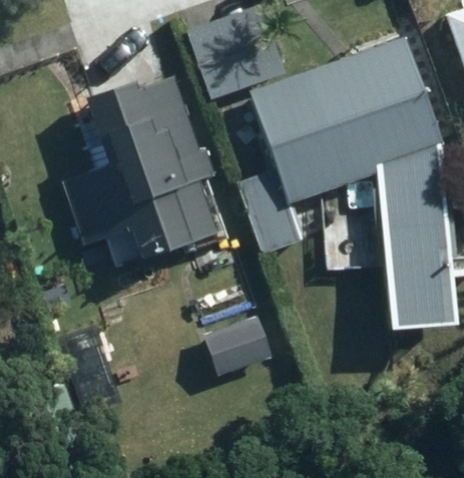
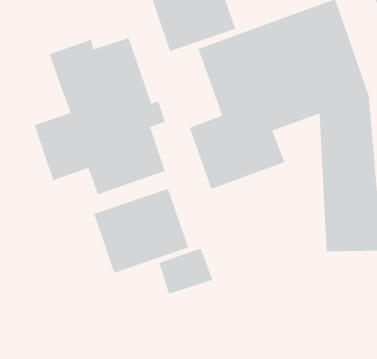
building: none -> [93,188,189,274]

